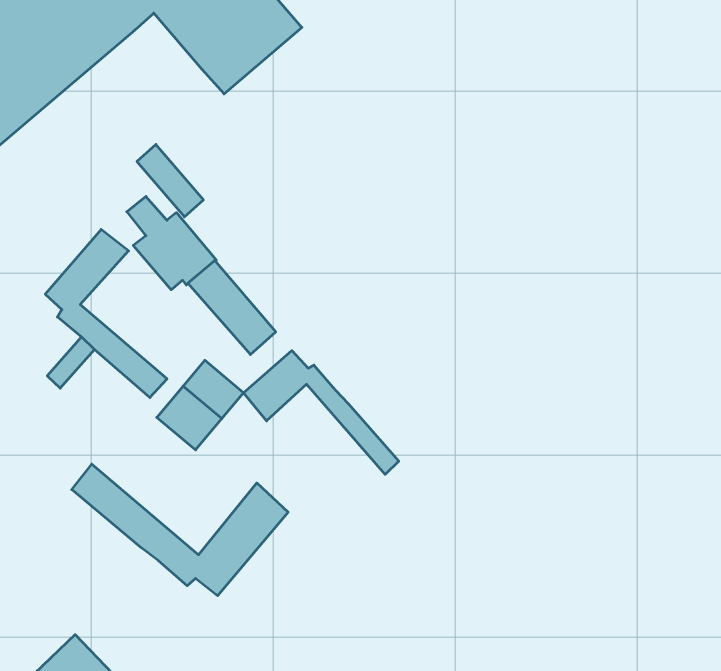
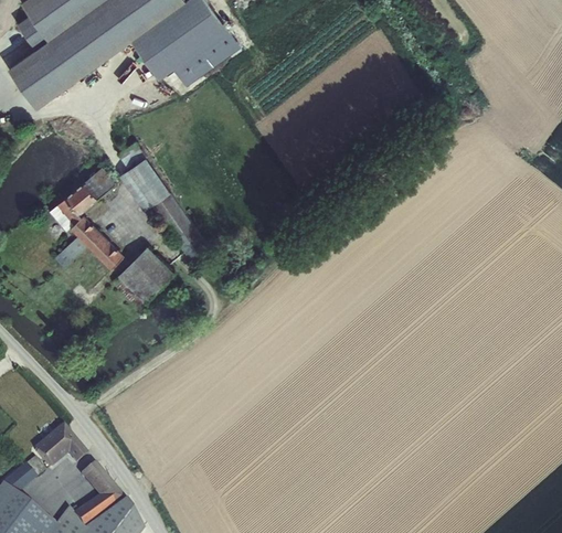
building: [137,144,203,217] -> [132,30,173,78]
building: [244,351,399,474] -> none
building: [72,464,288,596] -> none

